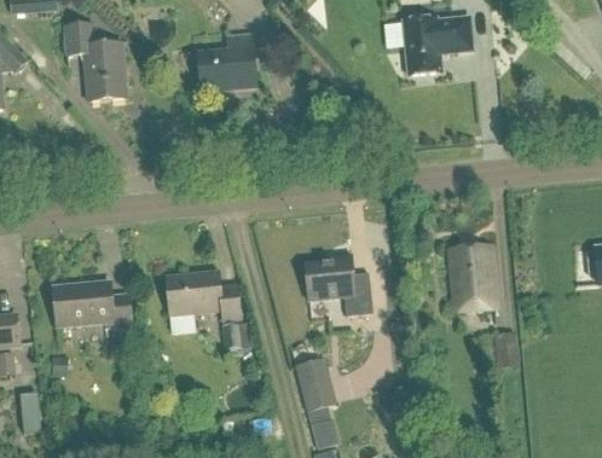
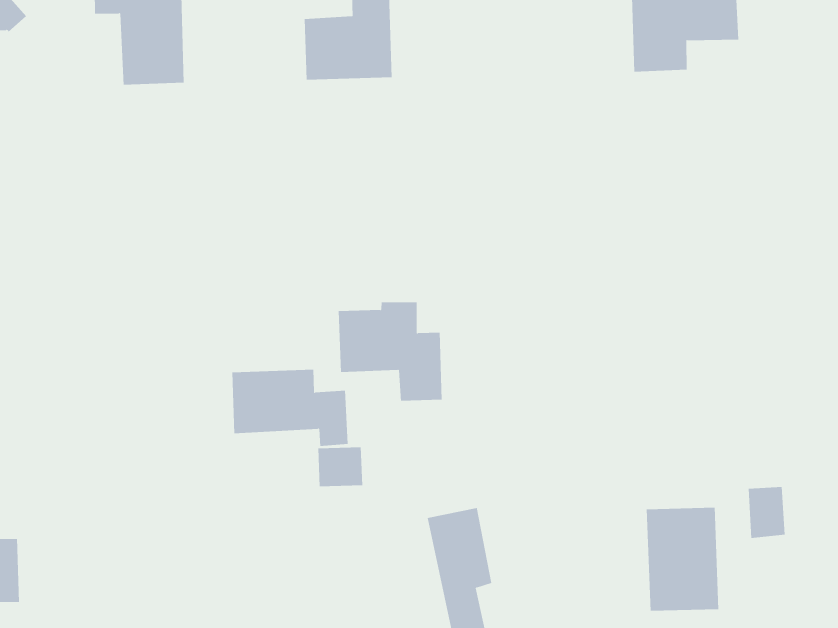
building: [447,243,497,311] -> [646,507,719,611]
building: [305,251,374,314] -> [338,302,442,401]
building: [52,283,132,326] -> none

